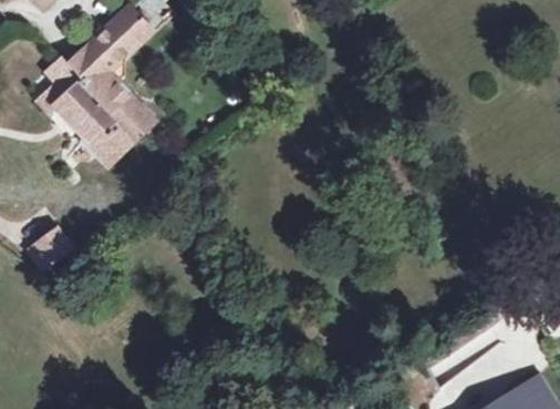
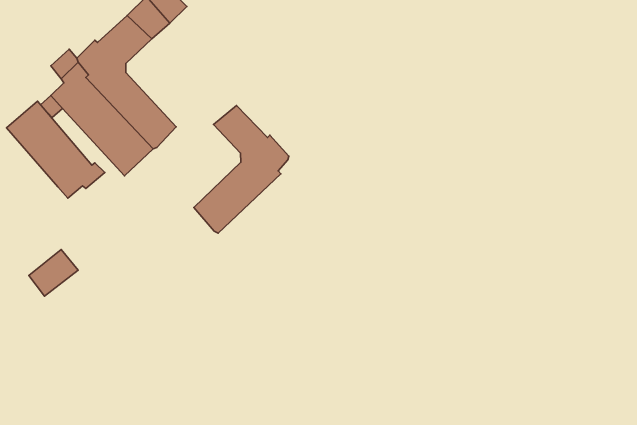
building: none -> [6,101,105,198]
building: none -> [194,106,289,233]

